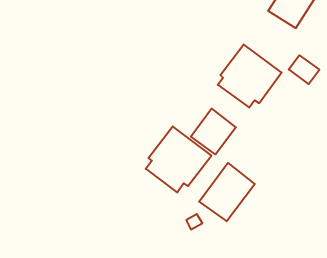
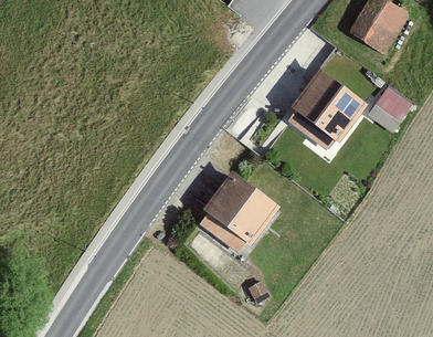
building: [191,109,236,154] -> none
building: [199,163,255,221] -> none

